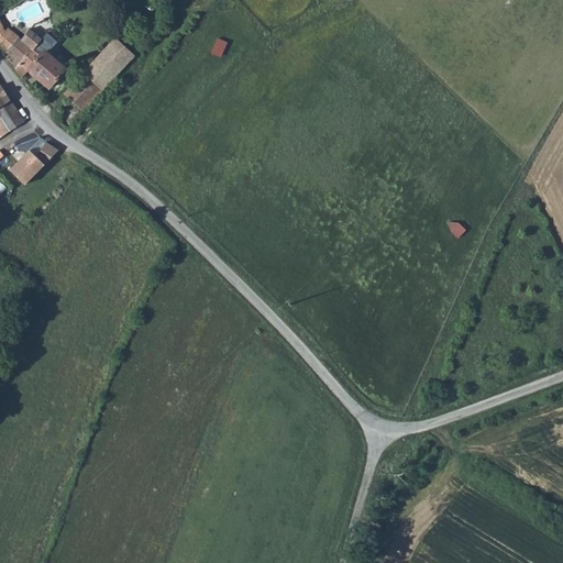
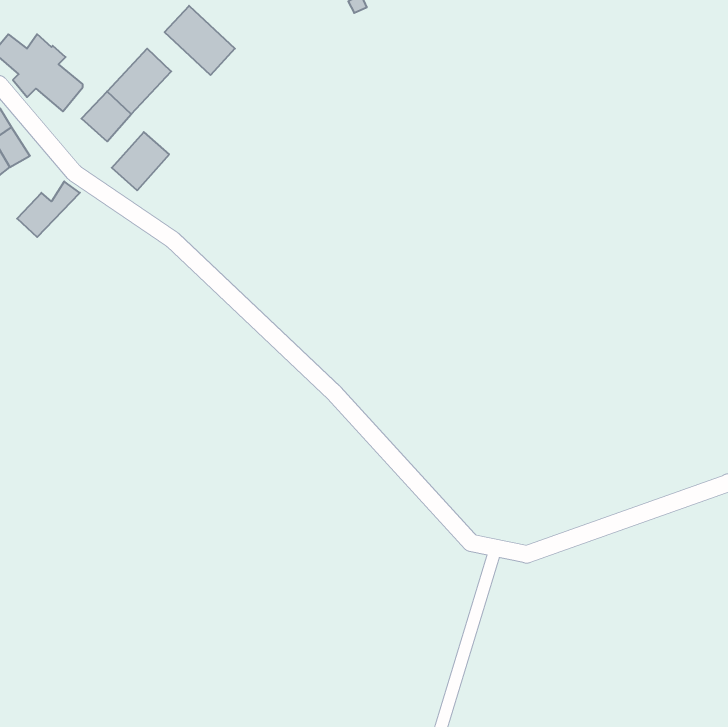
building: none -> [165,6,235,75]
building: none -> [112,132,169,190]

